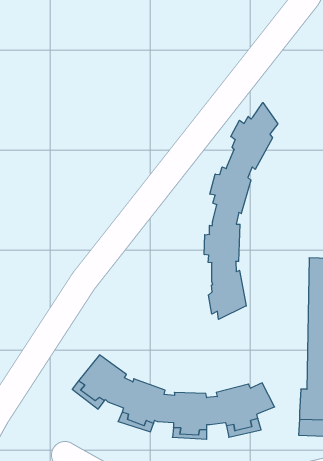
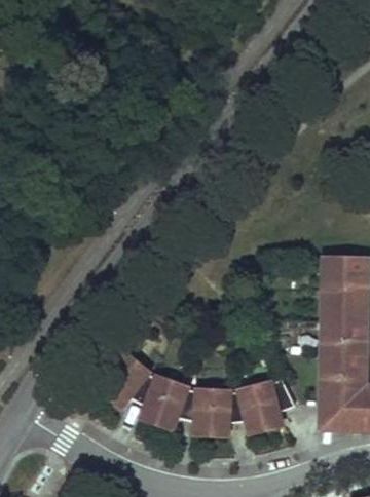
building: [204,103,278,319] -> none

